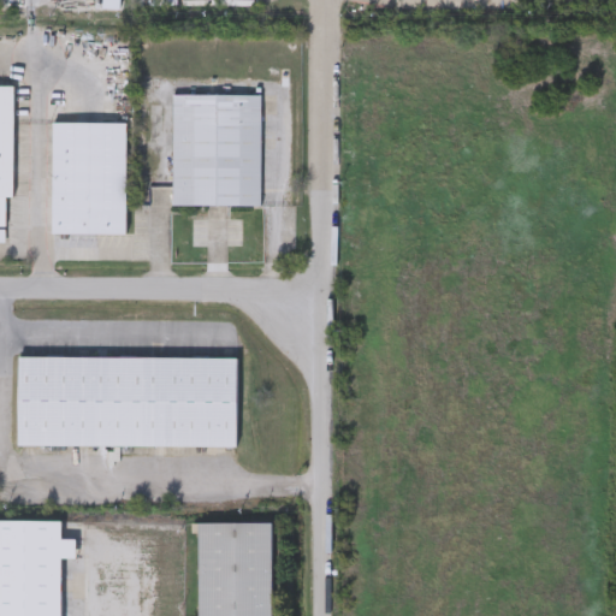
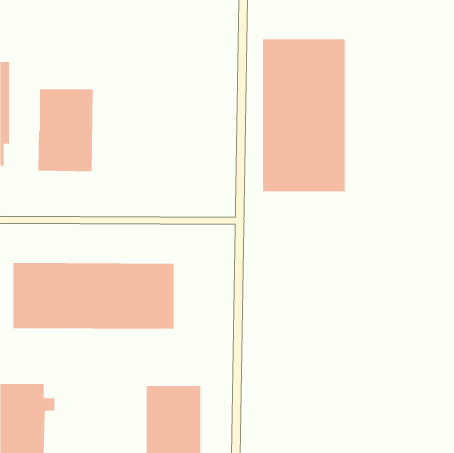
building: none -> [262,38,345,192]
building: [172,95,261,205] -> none

